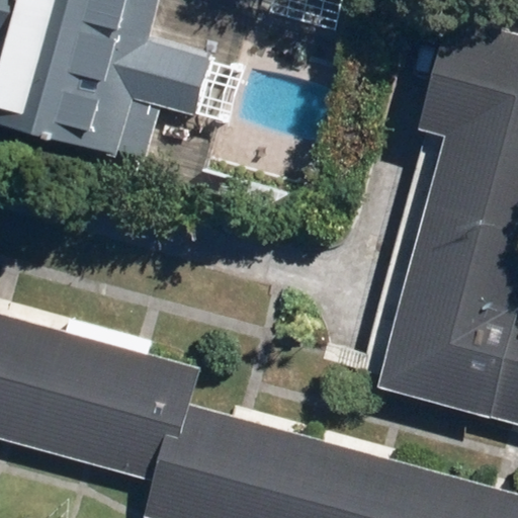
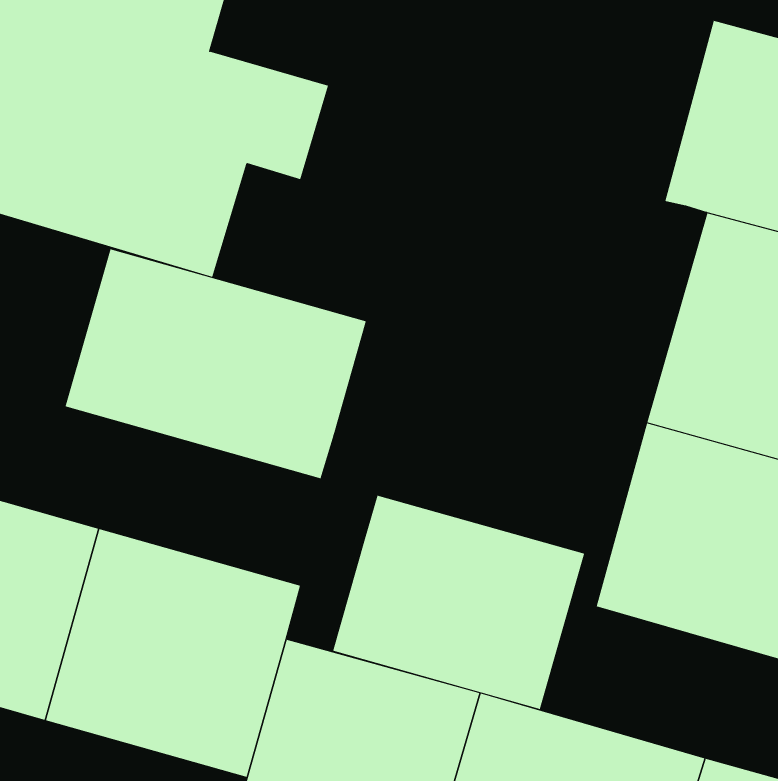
building: none -> [65,249,366,479]
building: none -> [333,495,585,710]

